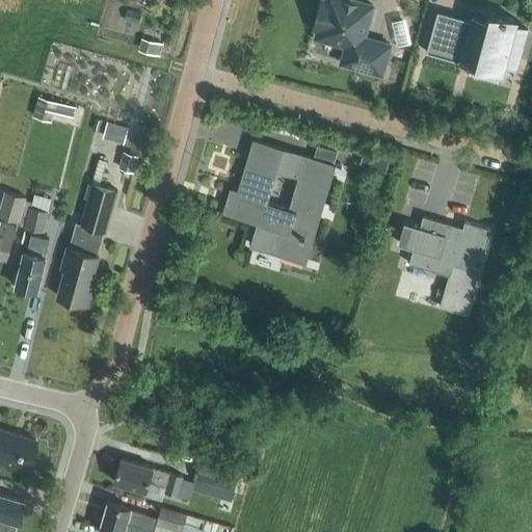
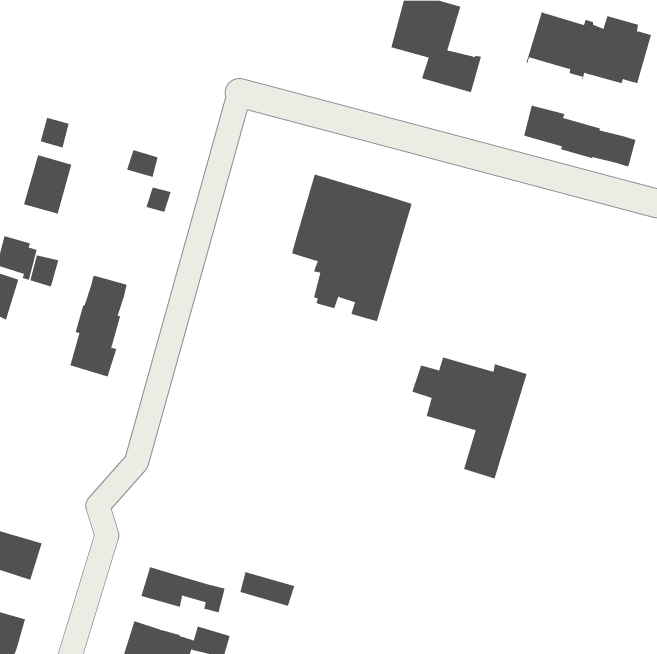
building: none -> [524,105,636,167]
building: [77,185,116,234] -> [23,154,72,215]
building: [397,218,490,317] -> [412,357,528,479]
building: [15,238,48,294] -> none

